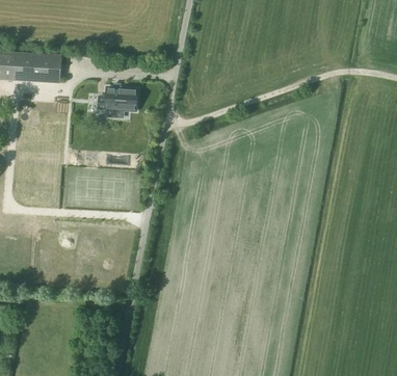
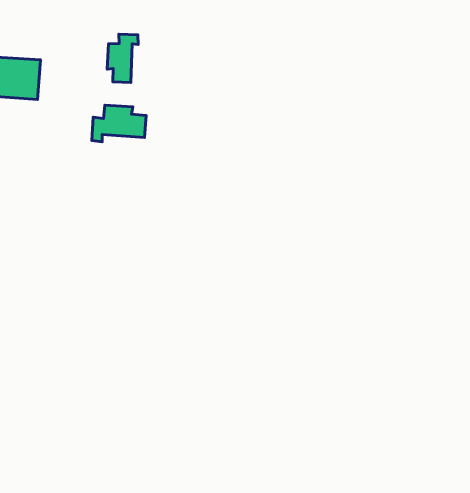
building: none -> [107,34,138,82]

